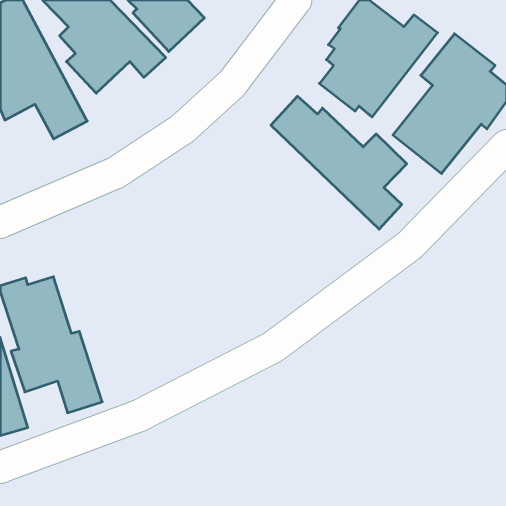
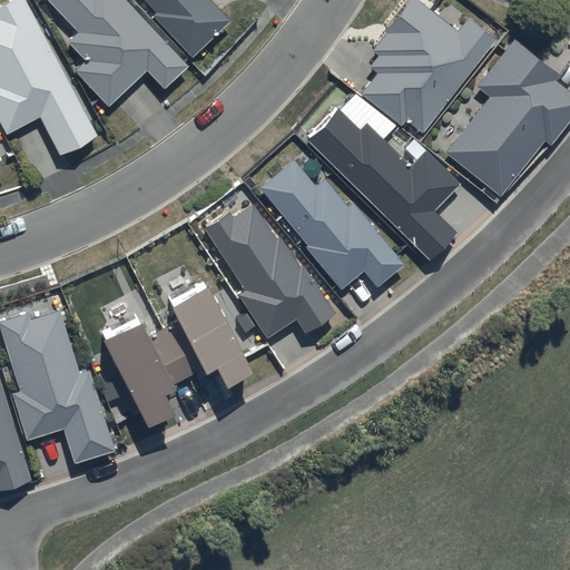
building: none -> [258,158,403,289]
building: none -> [204,204,334,338]
building: none -> [100,278,255,429]

